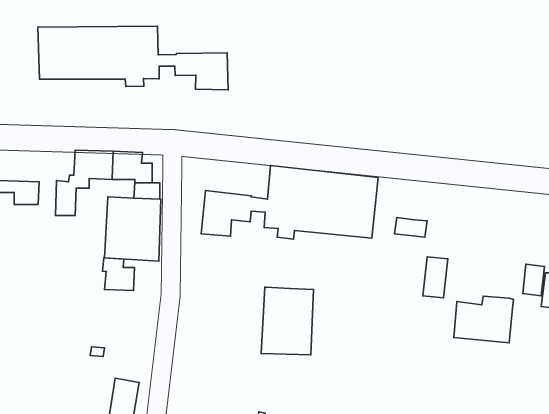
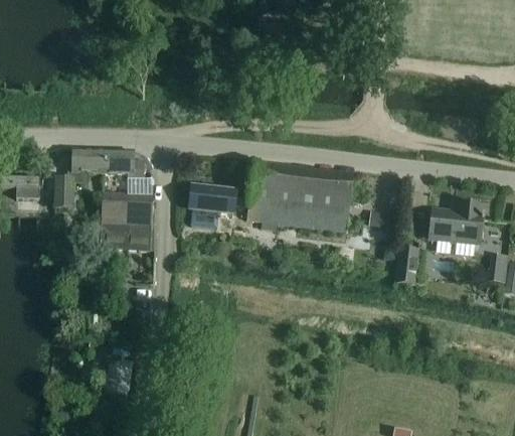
building: [38,26,228,90] -> none
building: [103,258,134,291] -> none
building: [261,287,314,355] -> none
building: [454,296,513,343] -> [428,202,484,246]

